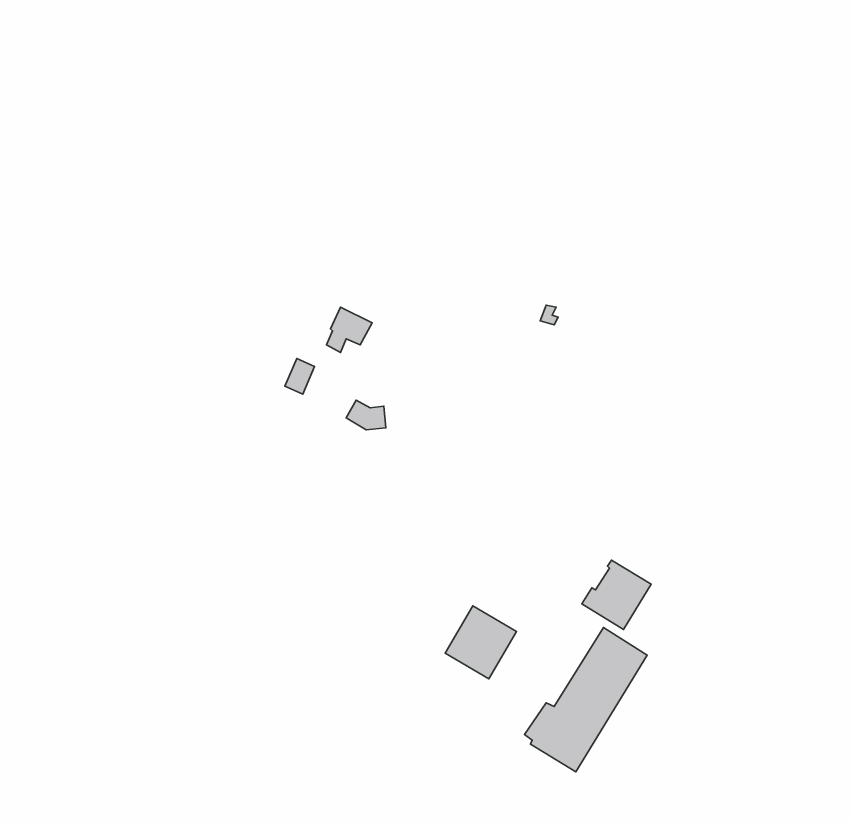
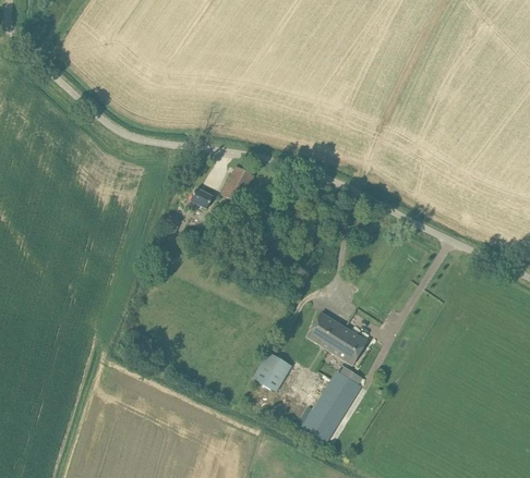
building: none -> [220,166,255,204]
building: none -> [306,311,346,351]

